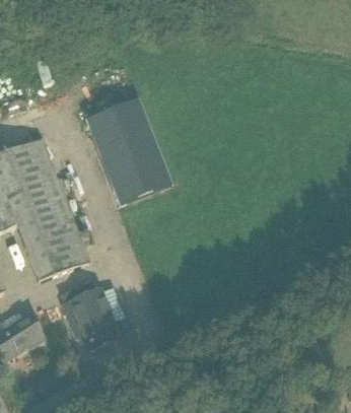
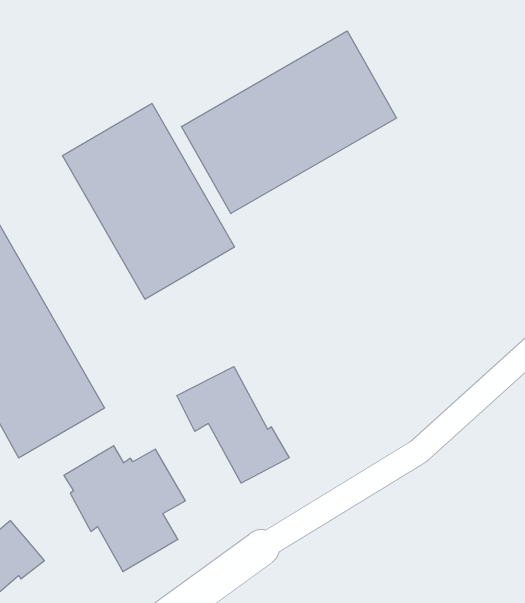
building: none -> [181,31,397,214]
building: none -> [177,367,289,483]

